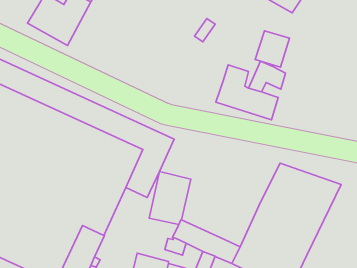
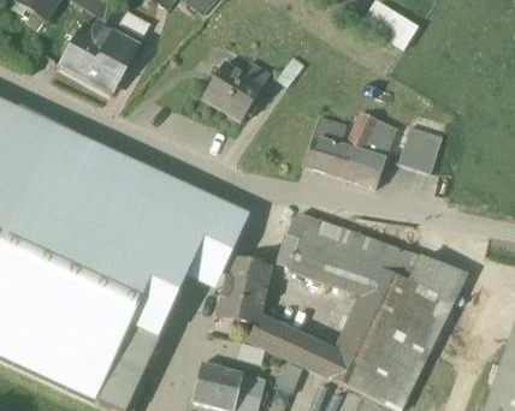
building: none -> [202,62,265,120]
building: [255,31,290,67] -> [397,126,442,173]
building: none -> [280,213,386,294]

